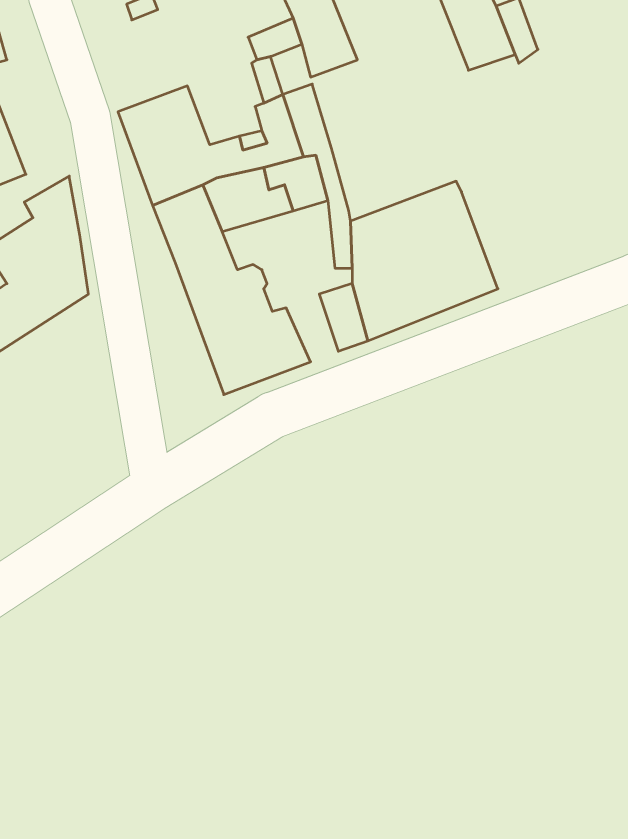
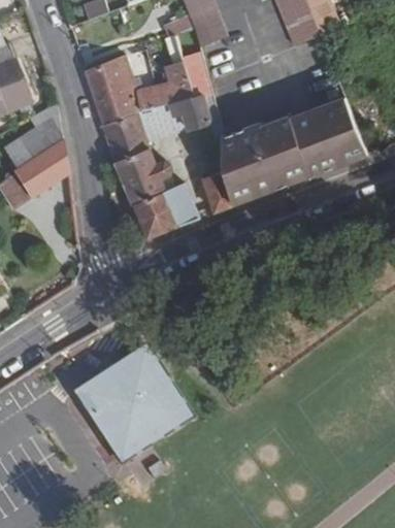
building: none -> [288,93,366,173]
building: none -> [76,349,189,462]

